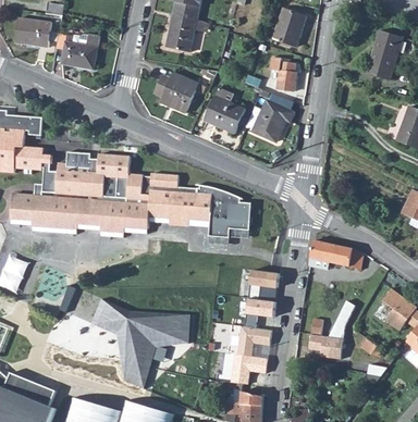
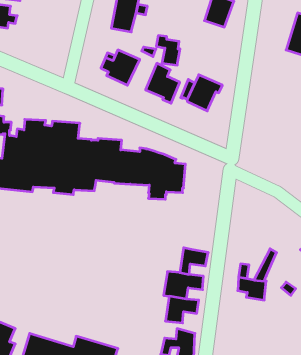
building: [54,33,99,70] -> none
building: [269,57,296,90] -> [156,36,180,65]
building: [308,239,362,270] -> none
building: [248,270,280,300] -> none
building: [67,289,194,388] -> none

